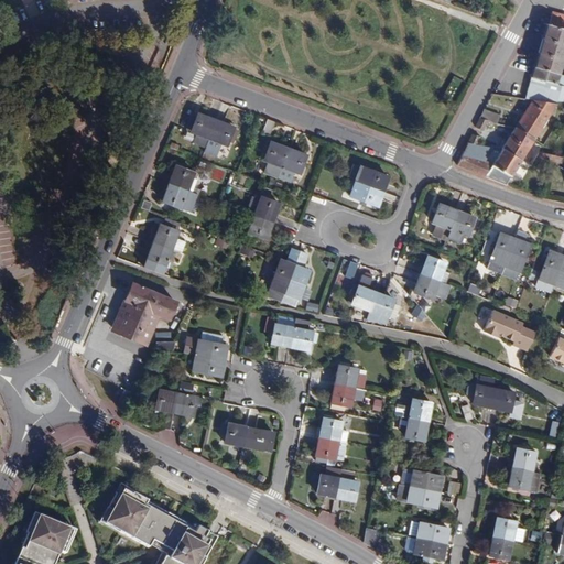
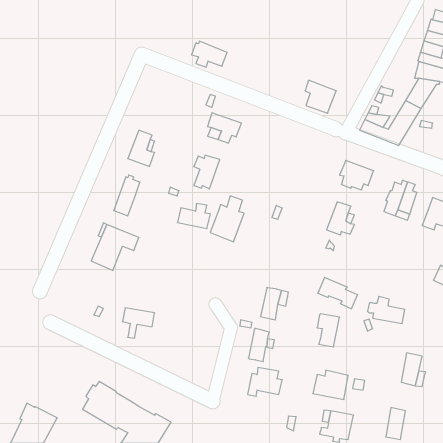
building: [188,113,234,147] -> [192,41,227,67]
building: [349,164,389,206] -> [305,80,336,113]
building: [352,275,394,324] -> none
building: [485,311,535,350] -> [318,277,358,309]
building: [272,318,314,350] -> [177,204,210,229]
building: [186,332,228,377] -> none
building: [234,425,274,452] -> none

